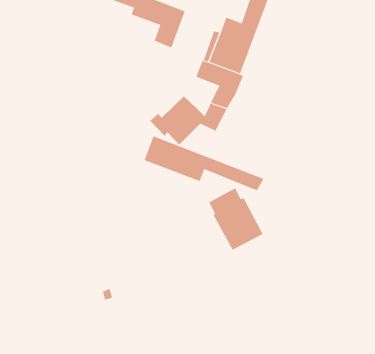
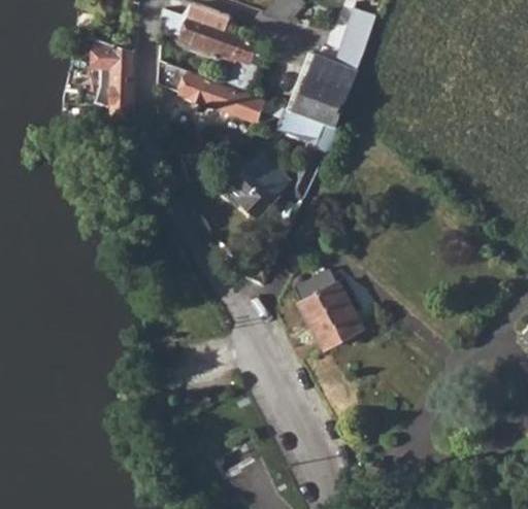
building: none -> [93,39,131,120]
building: none -> [155,60,262,122]
building: [144,136,264,191] -> none

